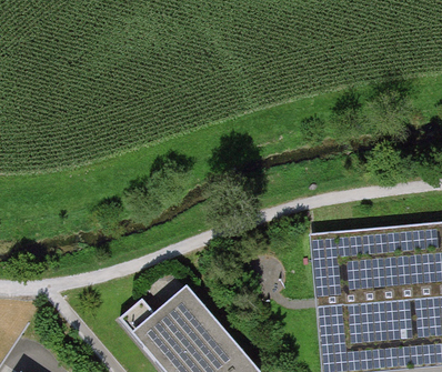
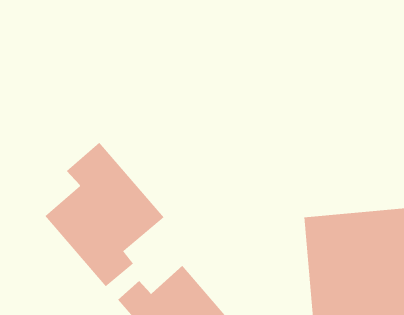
building: none -> [45,142,165,287]

